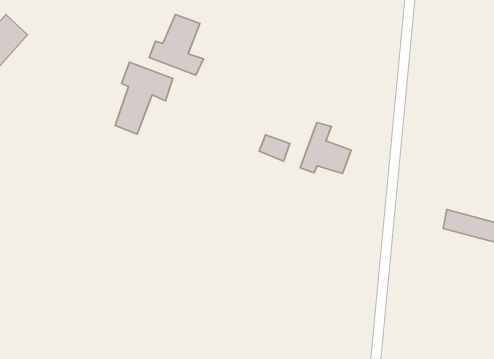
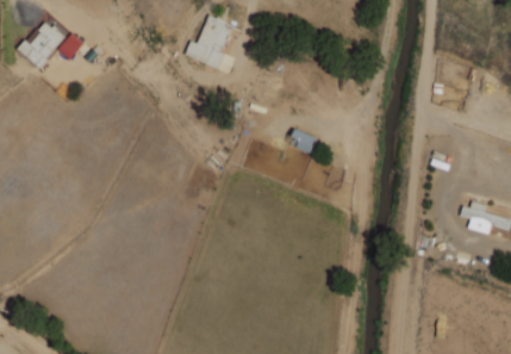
building: [115,62,173,134] -> none
building: [300,122,351,173] -> none

